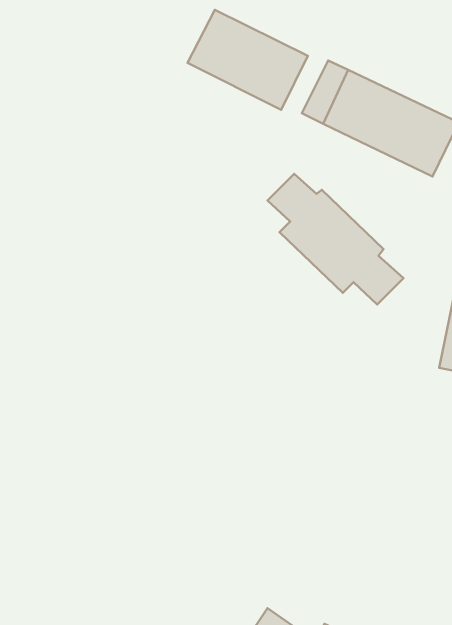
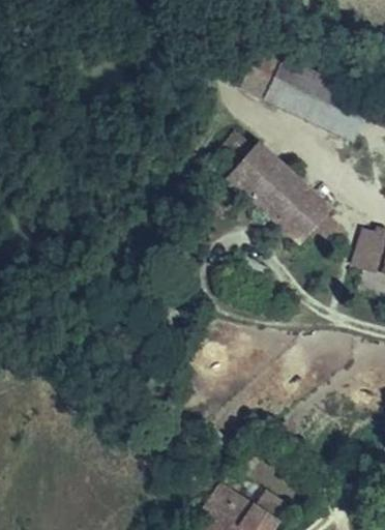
building: [188,10,308,110] -> none

